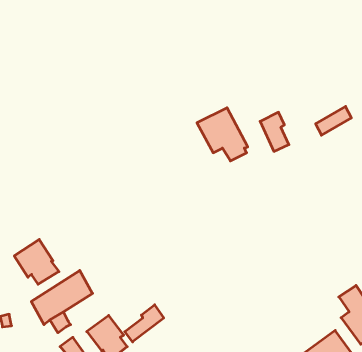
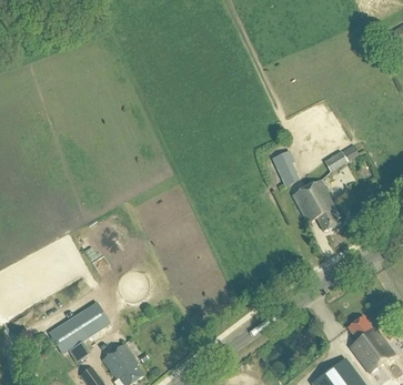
building: [197,108,248,161] -> [292,180,341,231]
building: [14,239,59,284] -> none
building: [125,305,164,342] -> none

